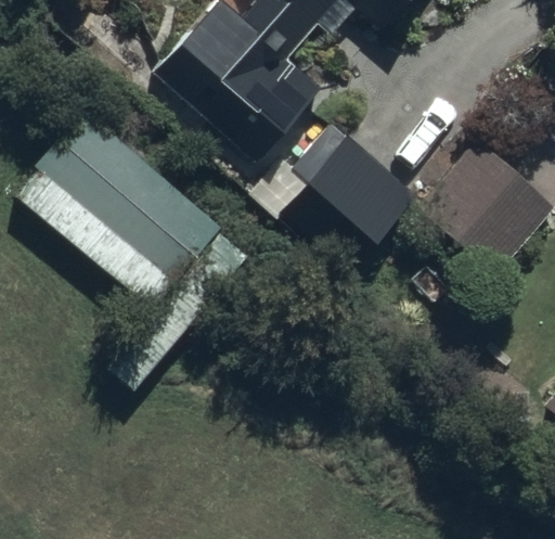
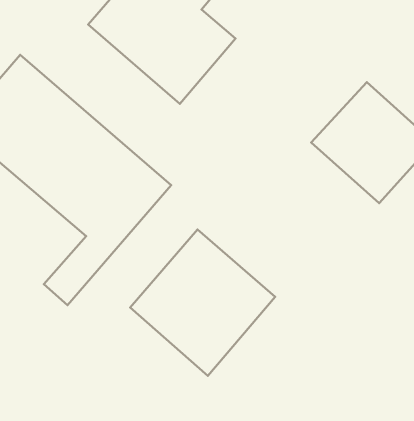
building: [291,119,416,241] -> none
building: none -> [130,230,275,376]

